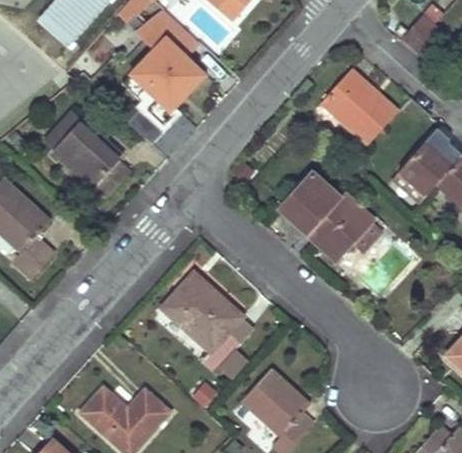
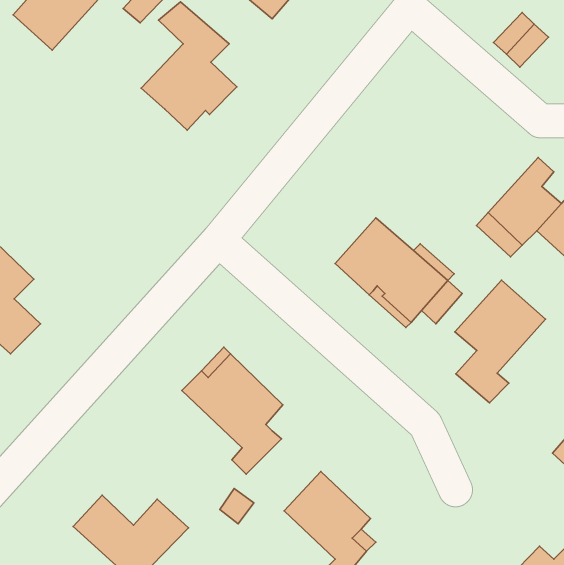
building: [322,69,398,144] -> none
building: [54,122,128,197] -> none
building: none -> [455,280,546,403]

